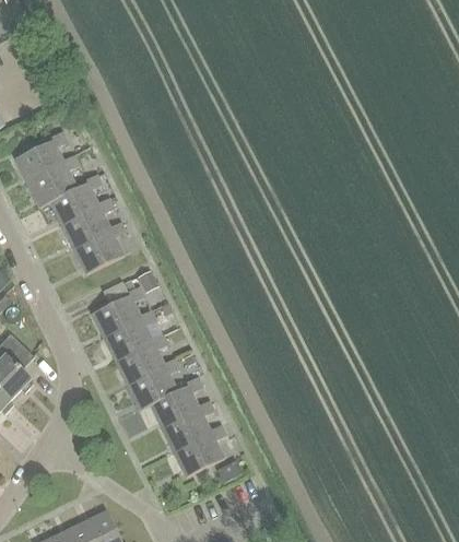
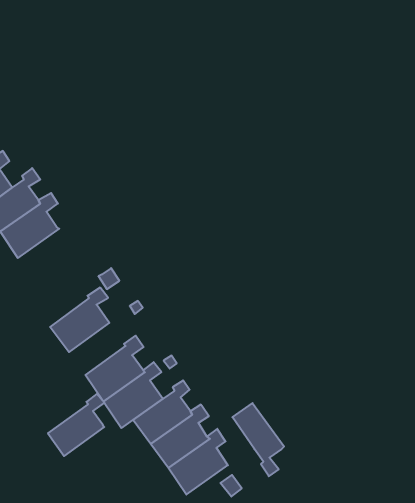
building: [72,222,126,274] -> none
building: [104,309,156,358] -> [48,394,104,456]
building: none -> [232,403,284,476]

